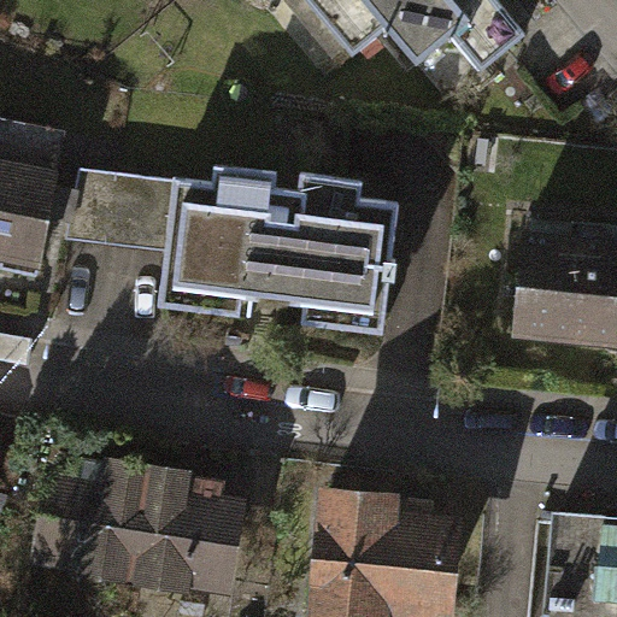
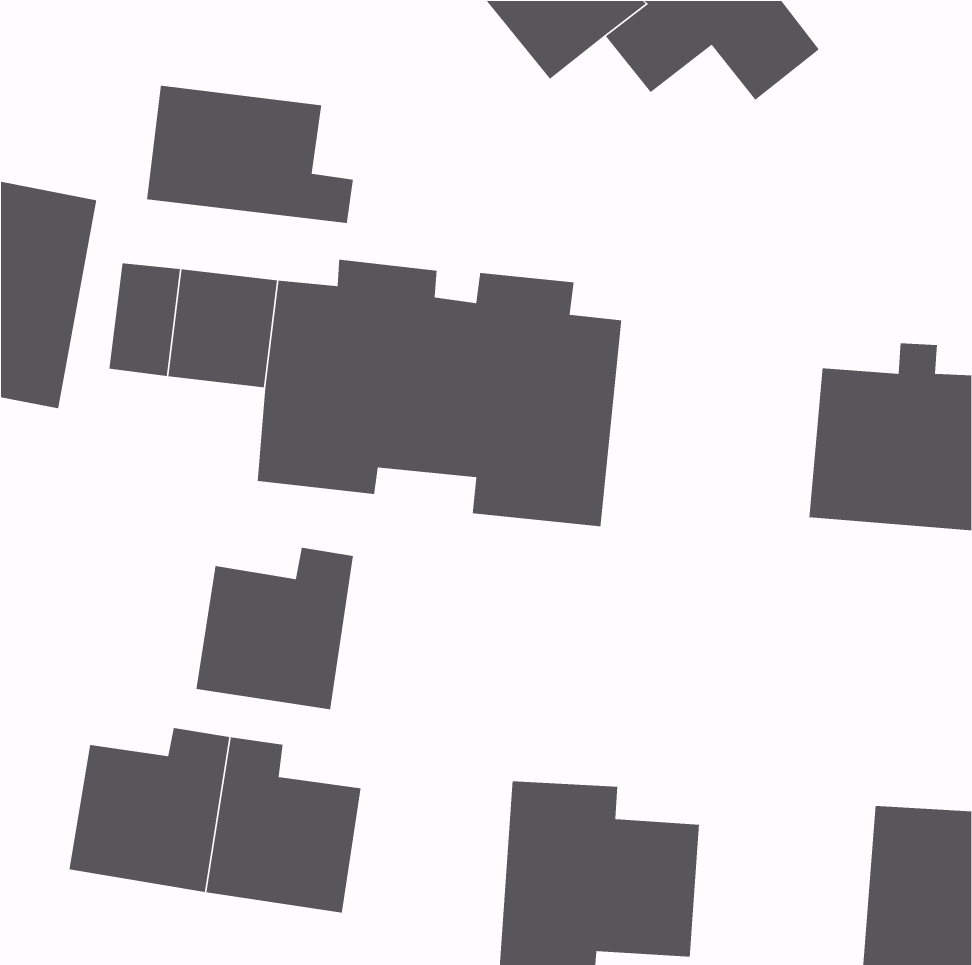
building: none -> [146,85,354,224]
building: none -> [196,547,354,710]

